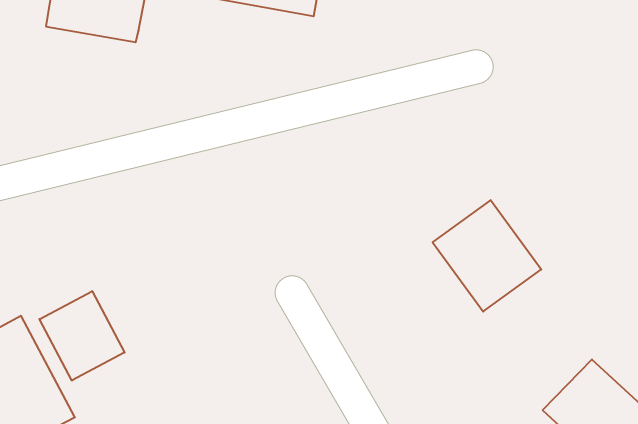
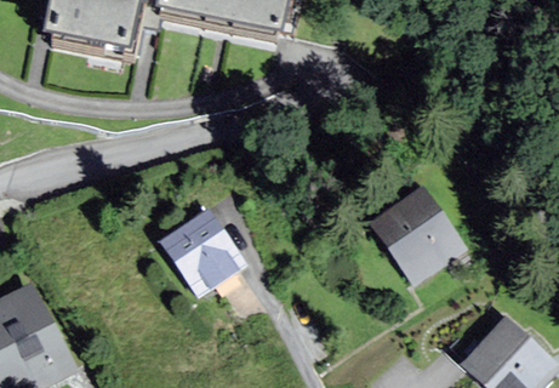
building: none -> [162,209,241,289]
building: [39,291,125,381] -> none

